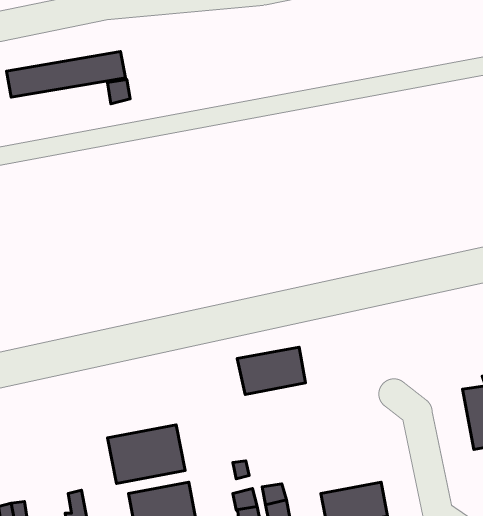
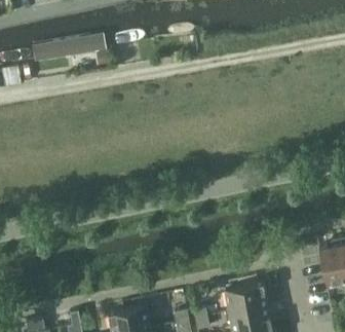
building: [237,347,306,394] -> [224,283,267,312]
building: [107,425,185,484] -> none

